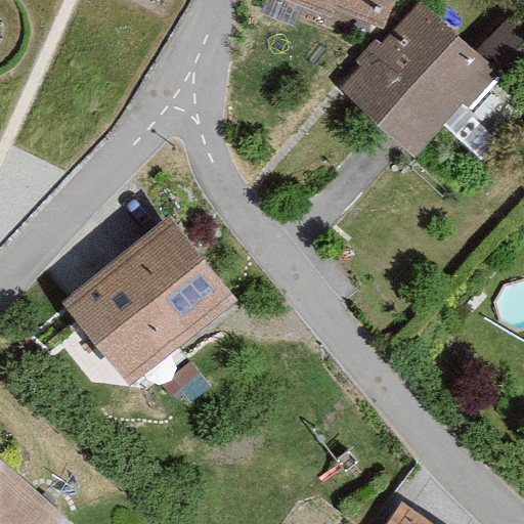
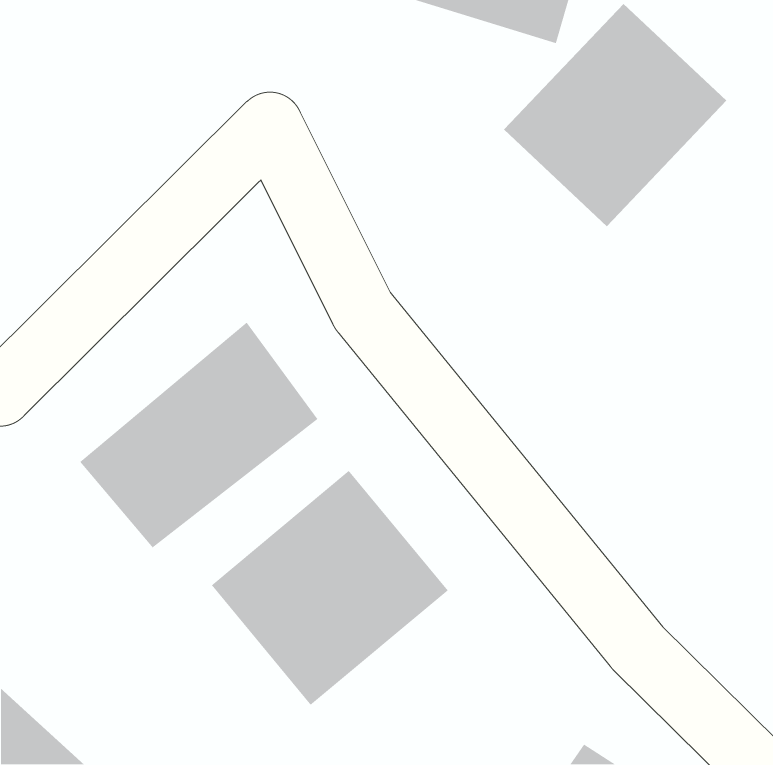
building: none -> [211,470,449,706]

